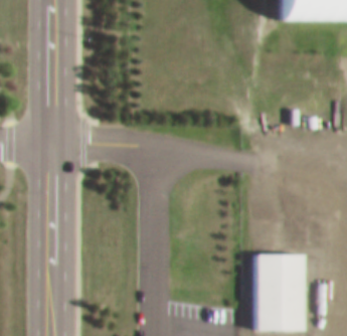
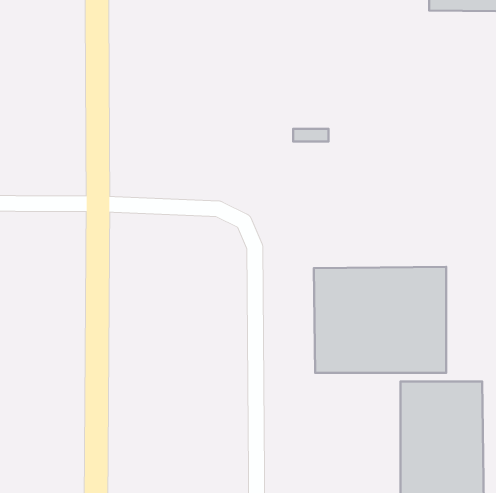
building: none -> [314,267,446,373]

